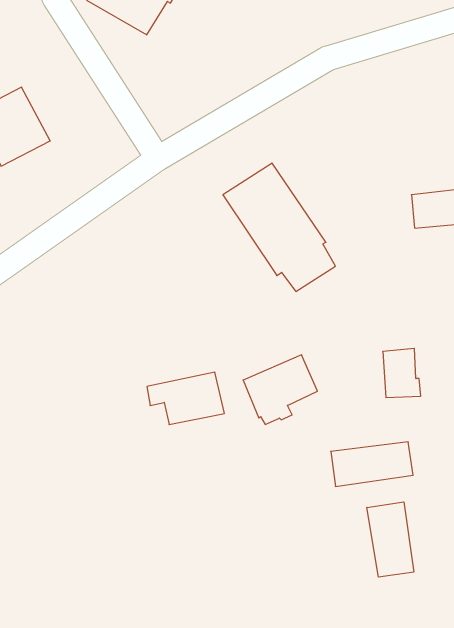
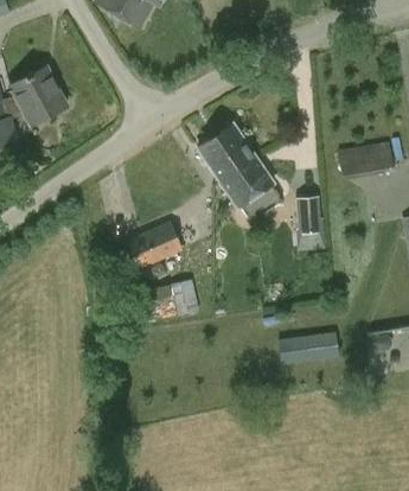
building: [383,348,421,398] -> [295,196,324,232]
building: [243,355,317,424] -> [127,222,183,274]
building: [367,502,414,577] -> none

